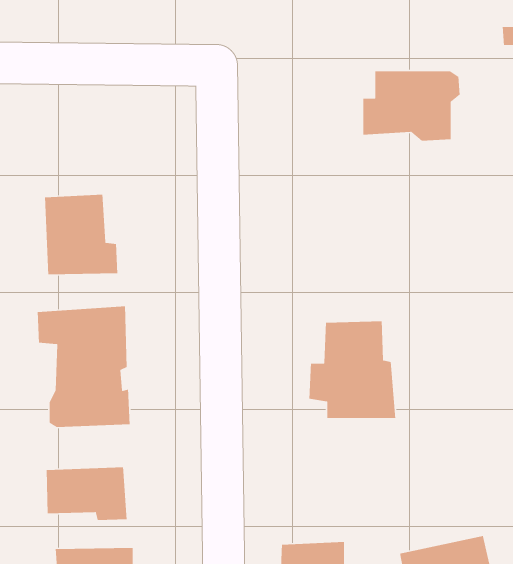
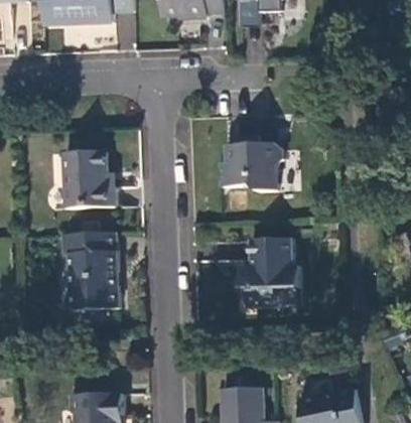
building: [363,71,461,141] -> [218,147,283,194]
building: [46,466,127,521] -> none

